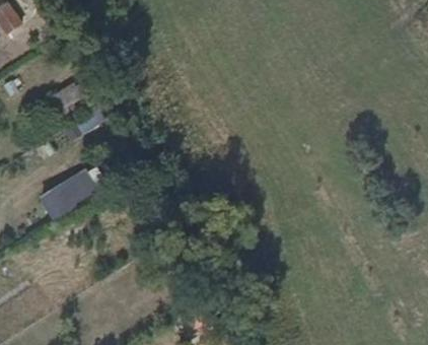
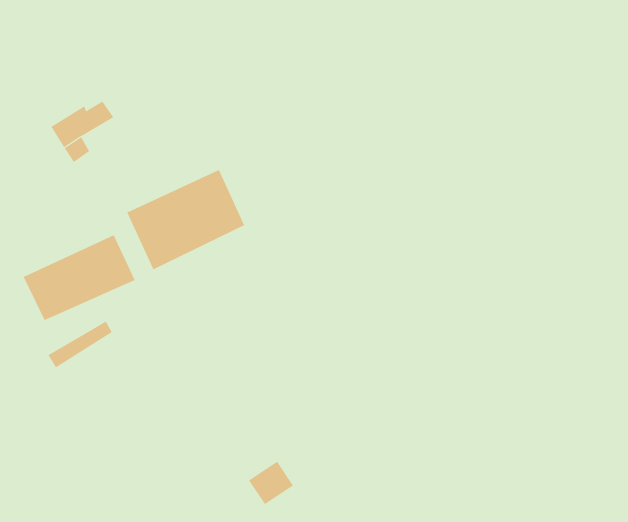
building: none -> [126,169,245,270]

